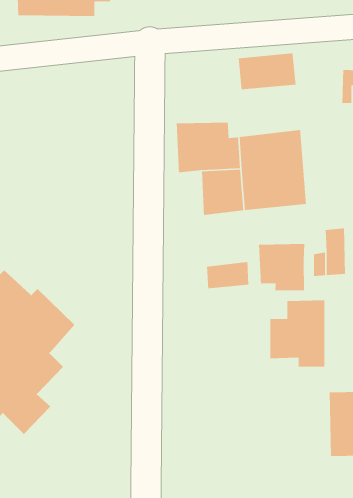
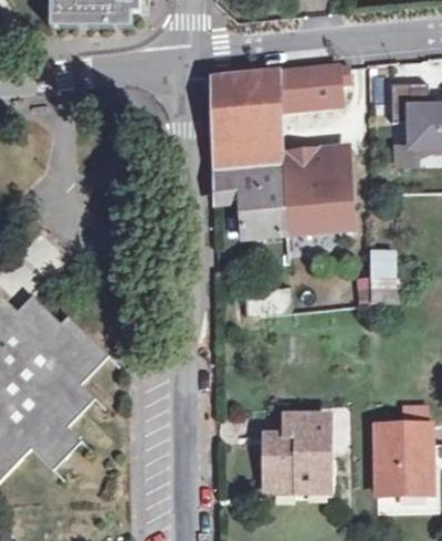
building: none -> [212,73,270,139]
building: [258,243,305,291] -> none
building: [270,299,325,368] -> [267,418,326,490]

